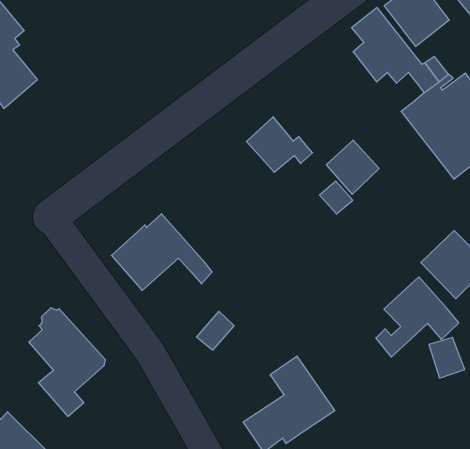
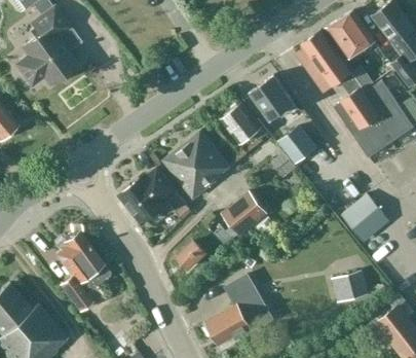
building: none -> [251,77,293,118]
building: none -> [164,132,229,199]
building: [376,277,459,357] -> [216,191,276,248]

